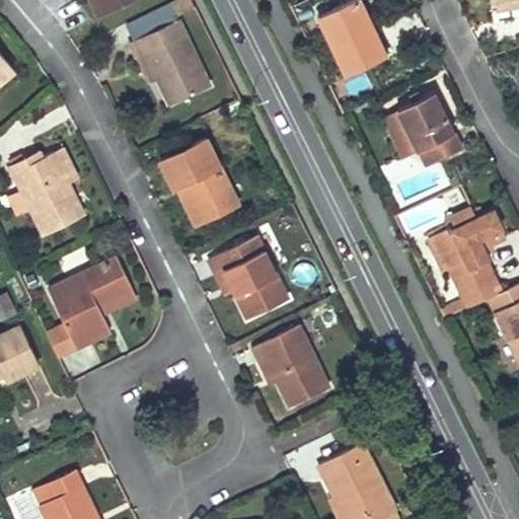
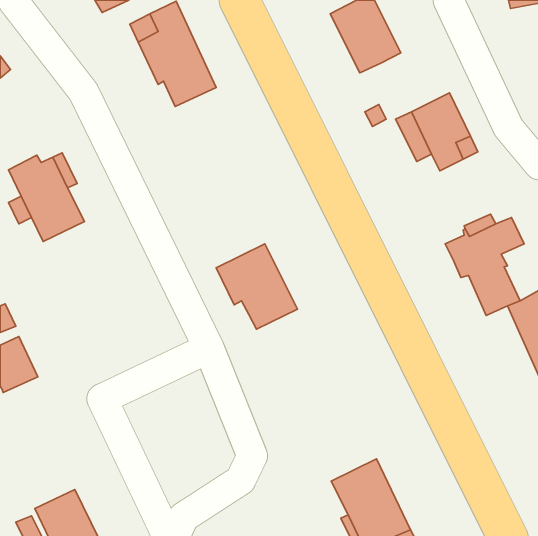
building: [160,140,237,227] -> none
building: [47,257,135,350] -> none
building: [253,326,328,406] -> none

